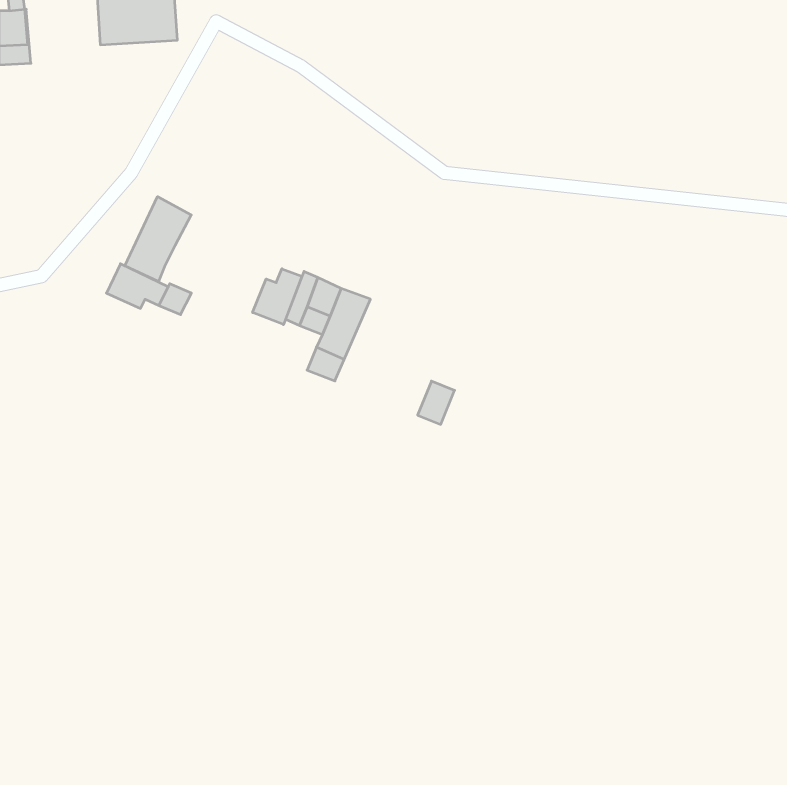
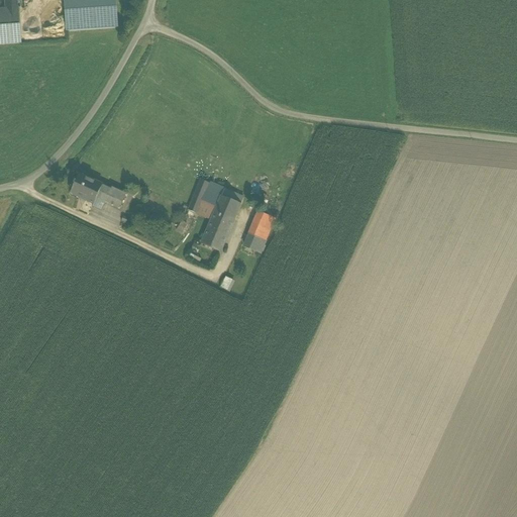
building: [125,197,191,282] -> none
building: [253,269,302,325] -> none
building: [418,381,455,424] -> [248,211,273,239]

